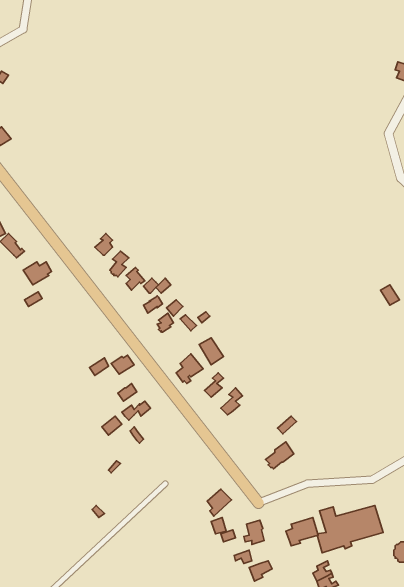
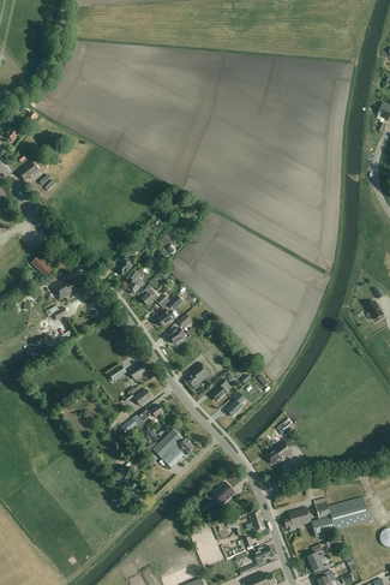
building: none -> [154,429,194,467]

